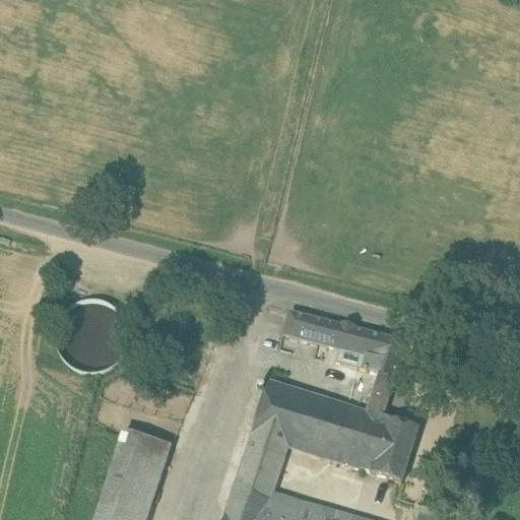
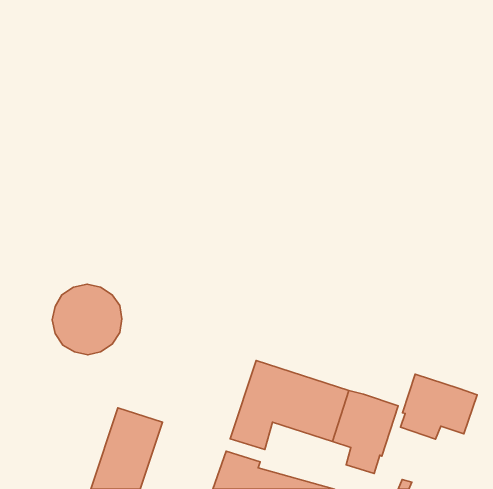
building: [284,311,405,414] -> none
building: none -> [400,374,477,439]

